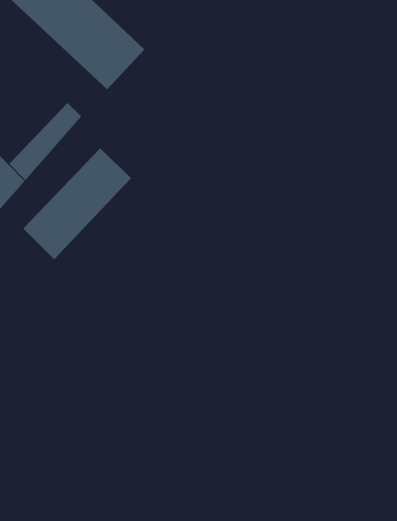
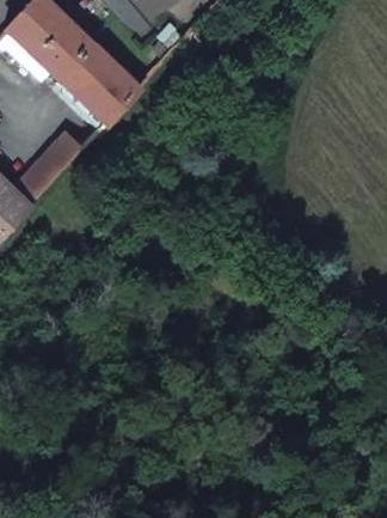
building: [22,148,132,260] -> none

